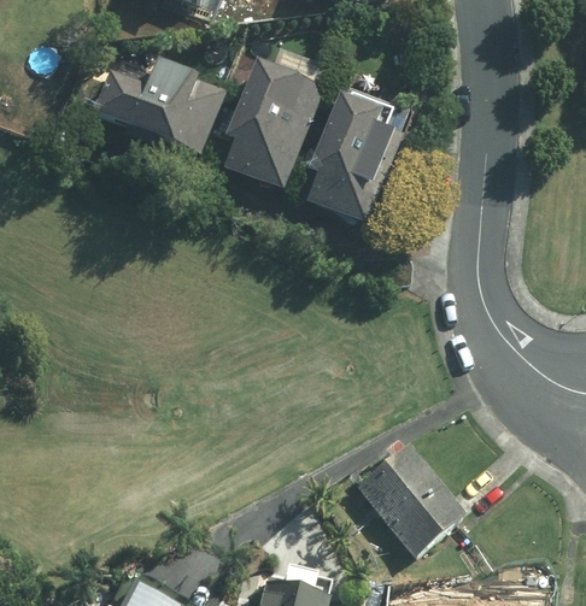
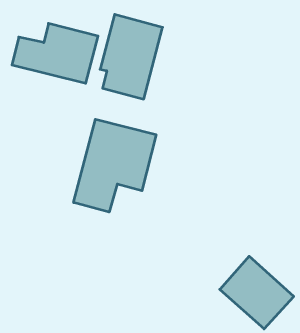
building: [305,90,402,223] -> none
building: none -> [74,119,156,212]

